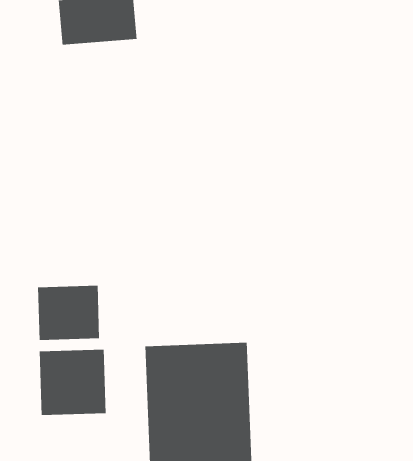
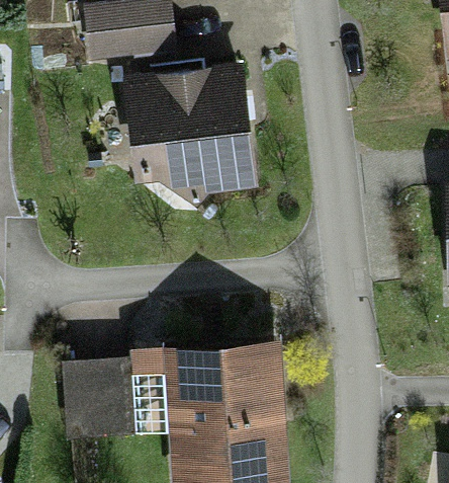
building: none -> [128,71,250,190]
building: [37,285,100,341] -> none

